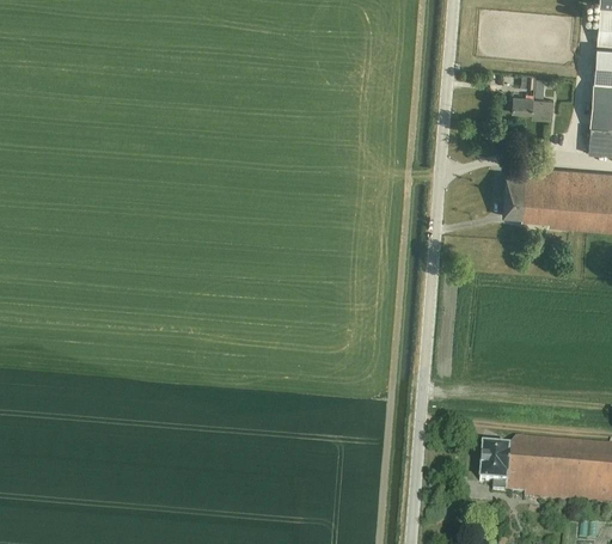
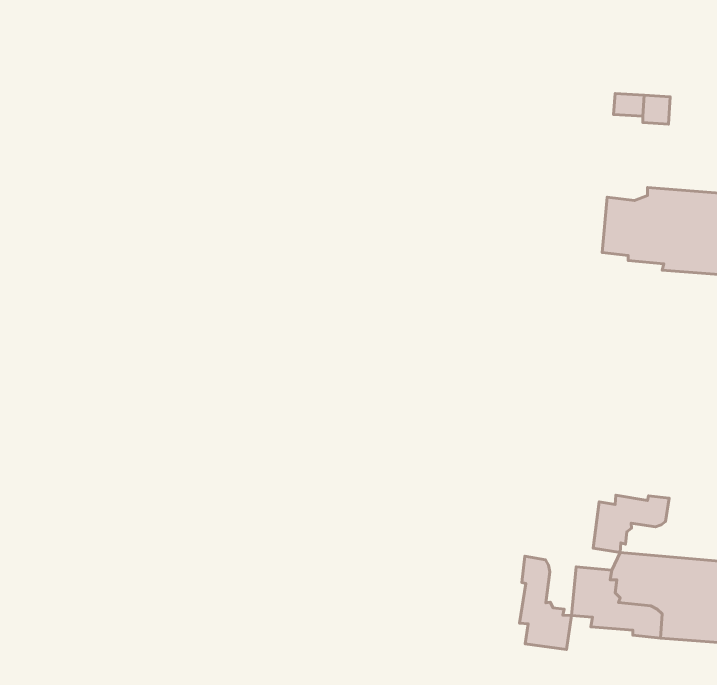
building: none -> [593,495,669,552]
building: none -> [520,556,571,649]

